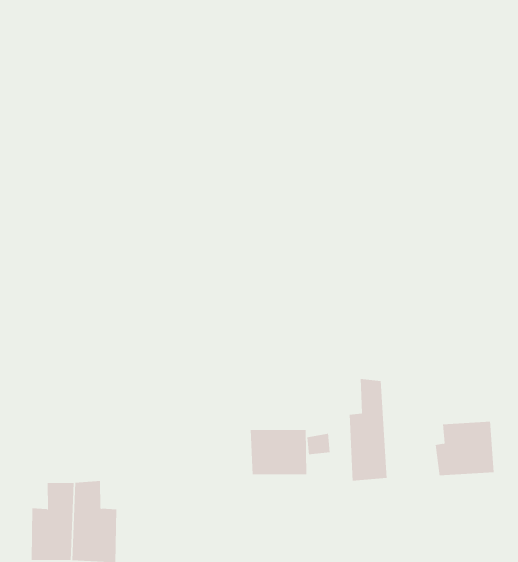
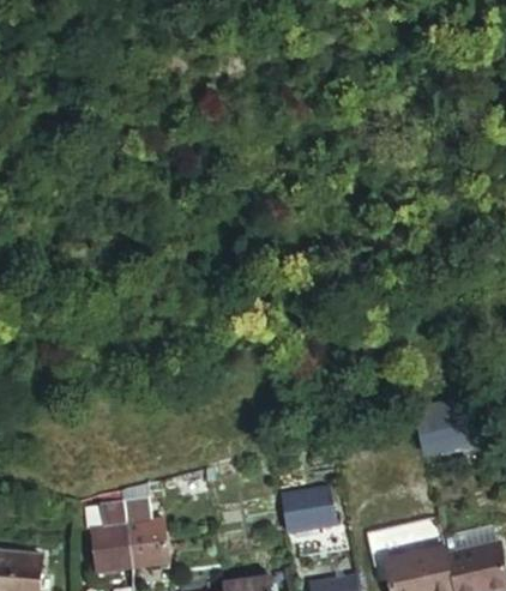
building: [349,378,387,481] -> none
building: [250,429,307,475] -> [281,487,333,531]

